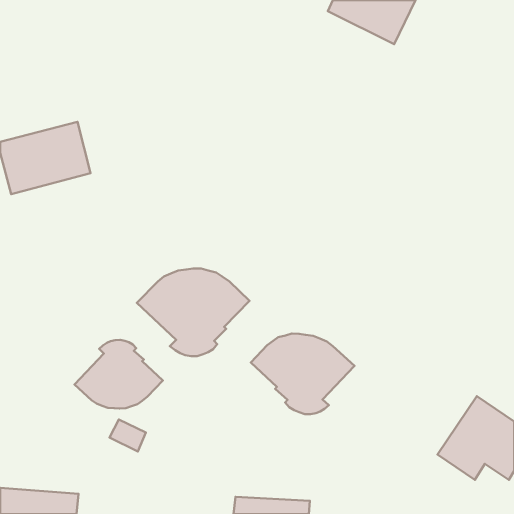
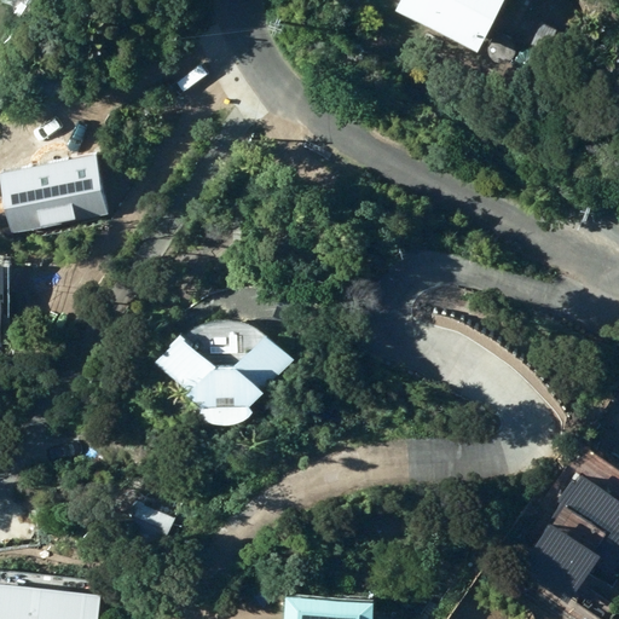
building: [251,334,355,414] -> none
building: [74,340,163,409] -> none

